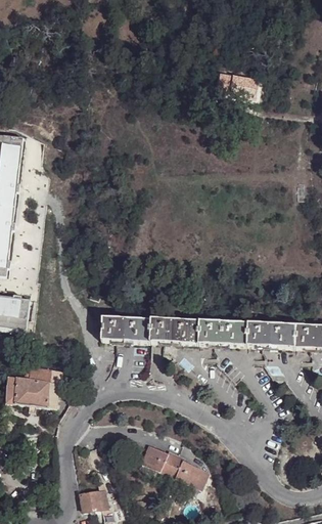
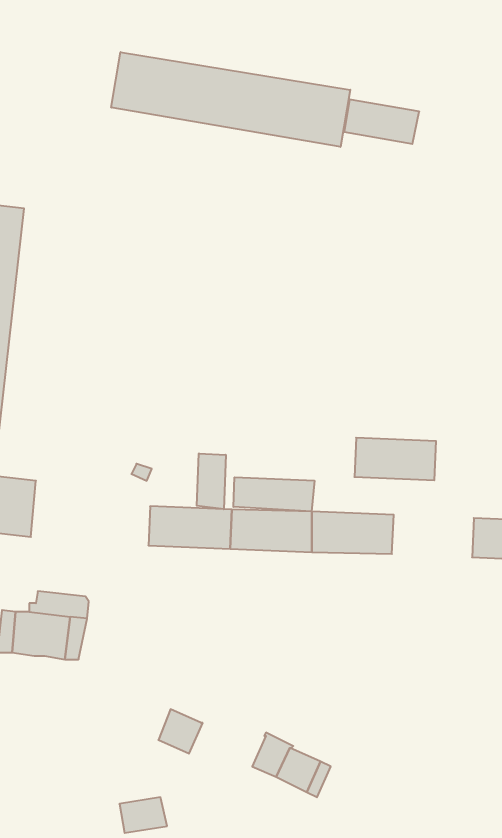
building: none -> [111,52,350,147]
building: none -> [197,453,226,509]
building: none -> [233,477,314,511]
building: [244,319,293,345] -> [354,438,436,480]
building: [142,444,169,471] -> [158,709,203,754]

